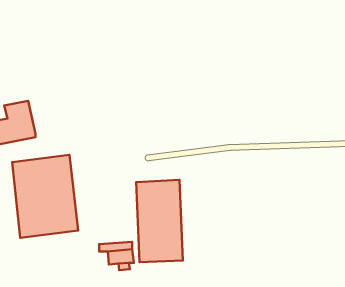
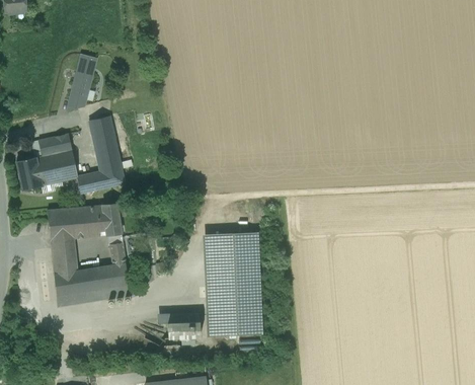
building: none -> [66,55,99,112]
building: none -> [77,114,126,194]

